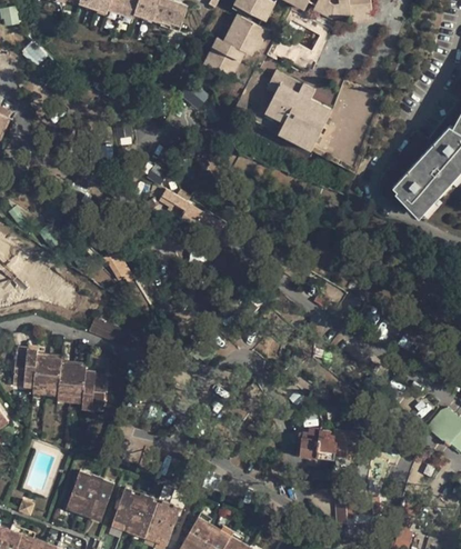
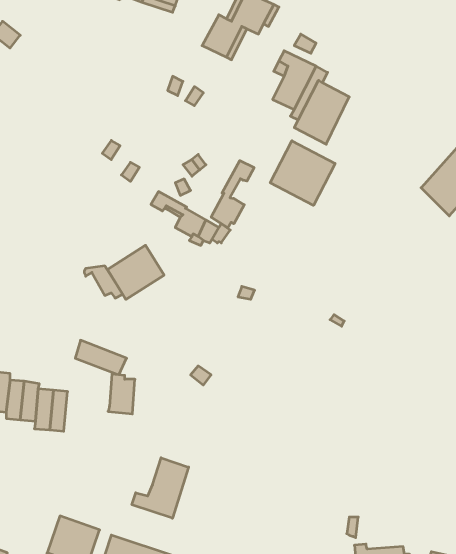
building: none -> [270,141,335,205]
building: none -> [211,161,254,228]
building: none -> [107,245,164,299]
building: [82,370,106,405] -> [108,374,135,414]
building: none -> [132,458,189,518]
building: [300,430,360,459] -> none

